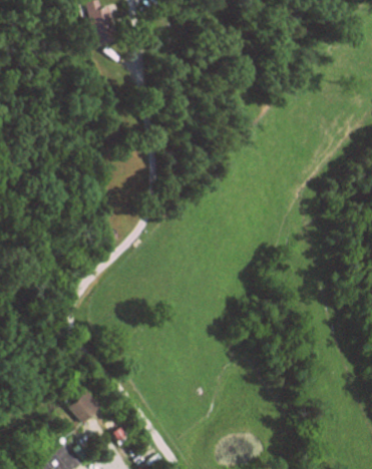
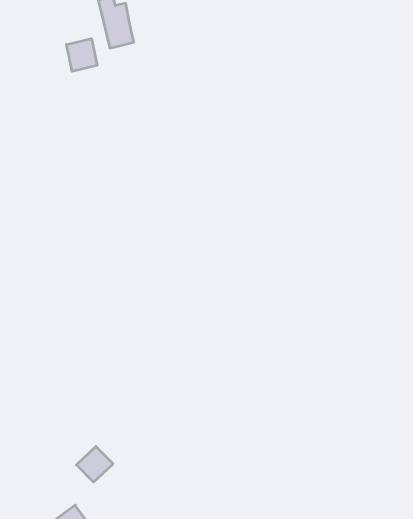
building: none -> [66,39,97,71]

